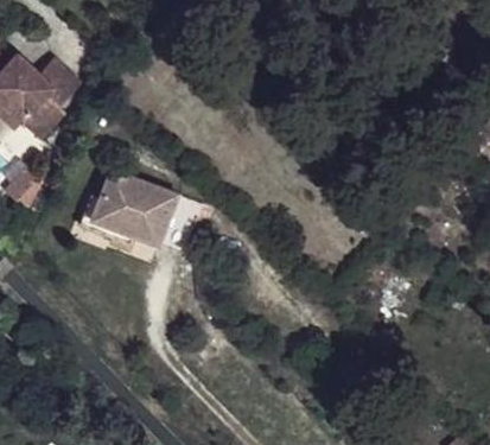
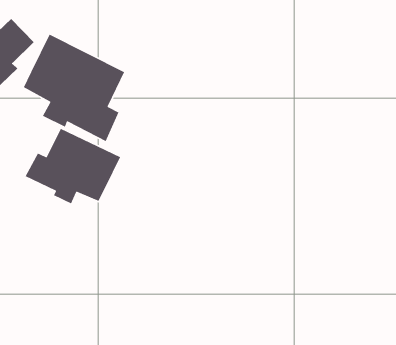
building: none -> [23,34,125,142]

